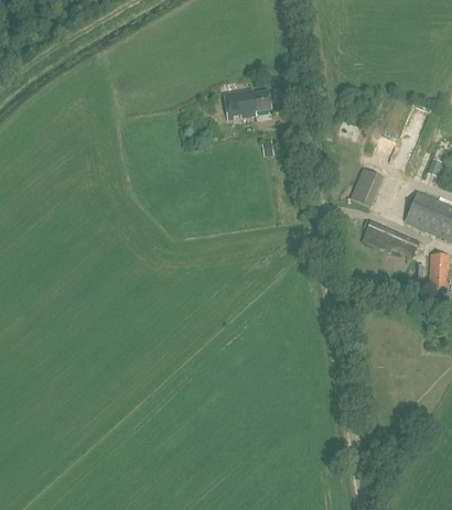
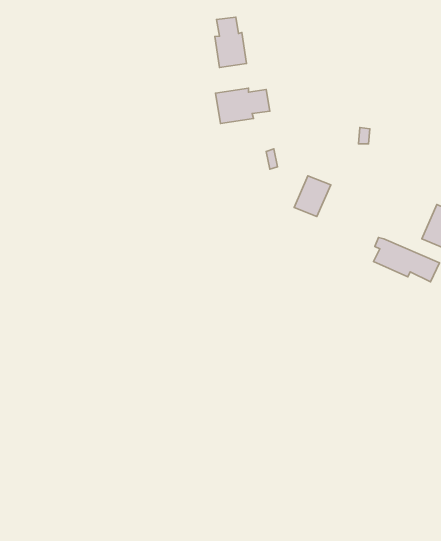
building: none -> [215,17,247,67]
building: [355,169,387,204] -> [294,176,331,216]

